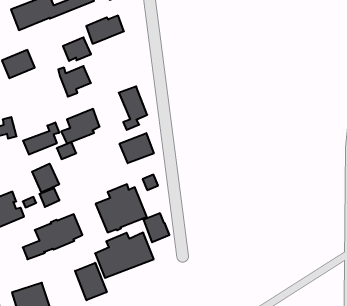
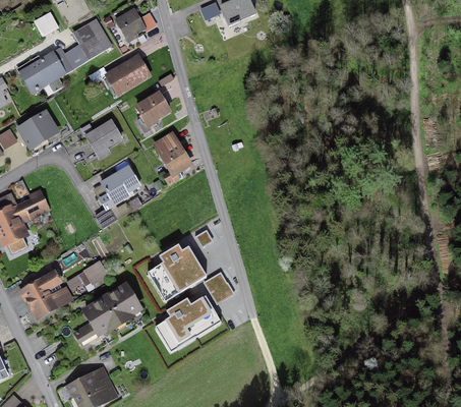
building: [63,37,91,61] -> [136,94,169,122]
building: [23,122,59,155] -> none
building: [120,133,154,163] -> none
building: [32,164,59,193] -> none
building: [75,263,107,300] -> none

